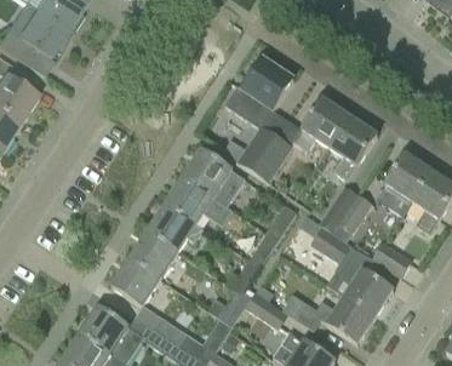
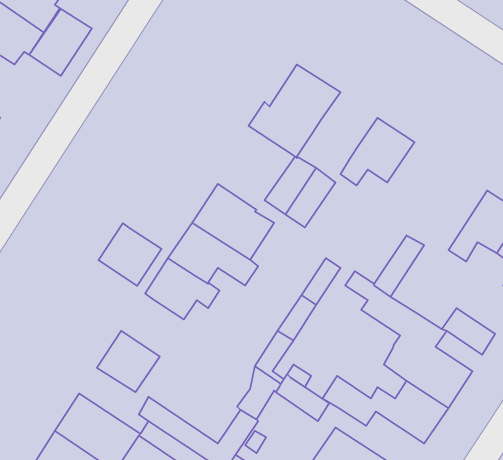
building: none -> [29,9,92,76]
building: [330,116,378,178] -> none
building: [332,194,371,245] -> none
building: [130,230,177,278] -> [99,223,161,286]

